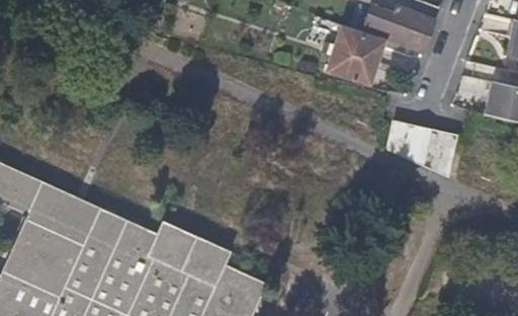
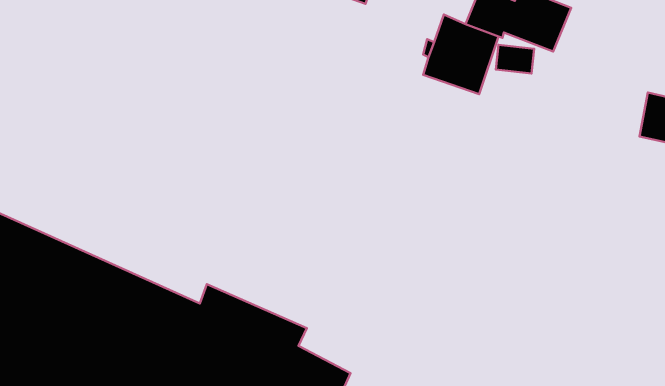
building: [382,121,454,176] -> none

